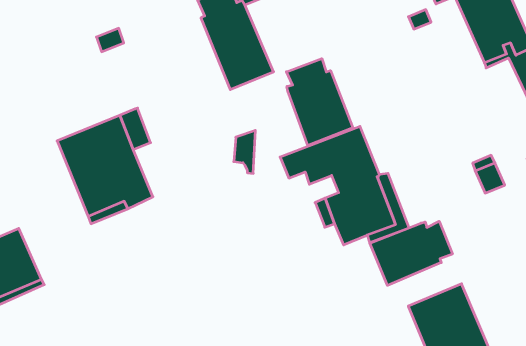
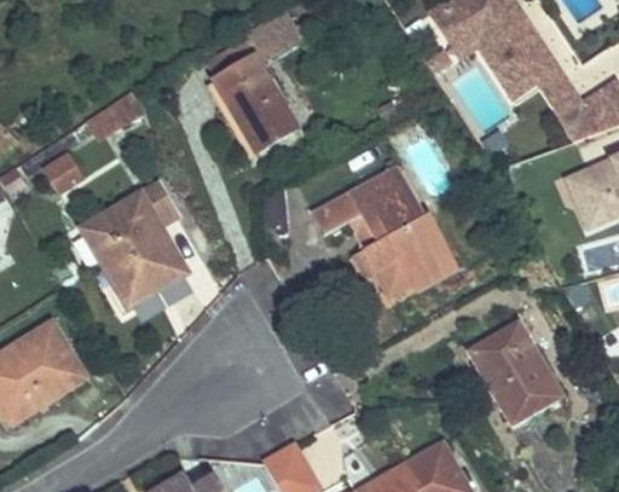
building: [286,59,353,145] -> none
building: none -> [40,151,82,195]
building: [370,221,452,285] -> none

